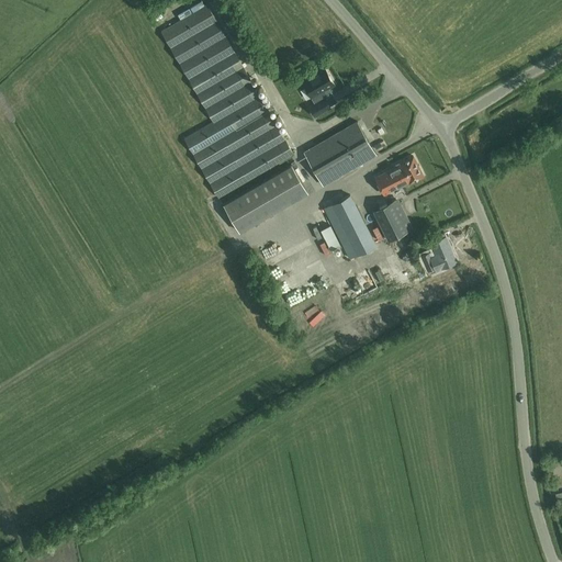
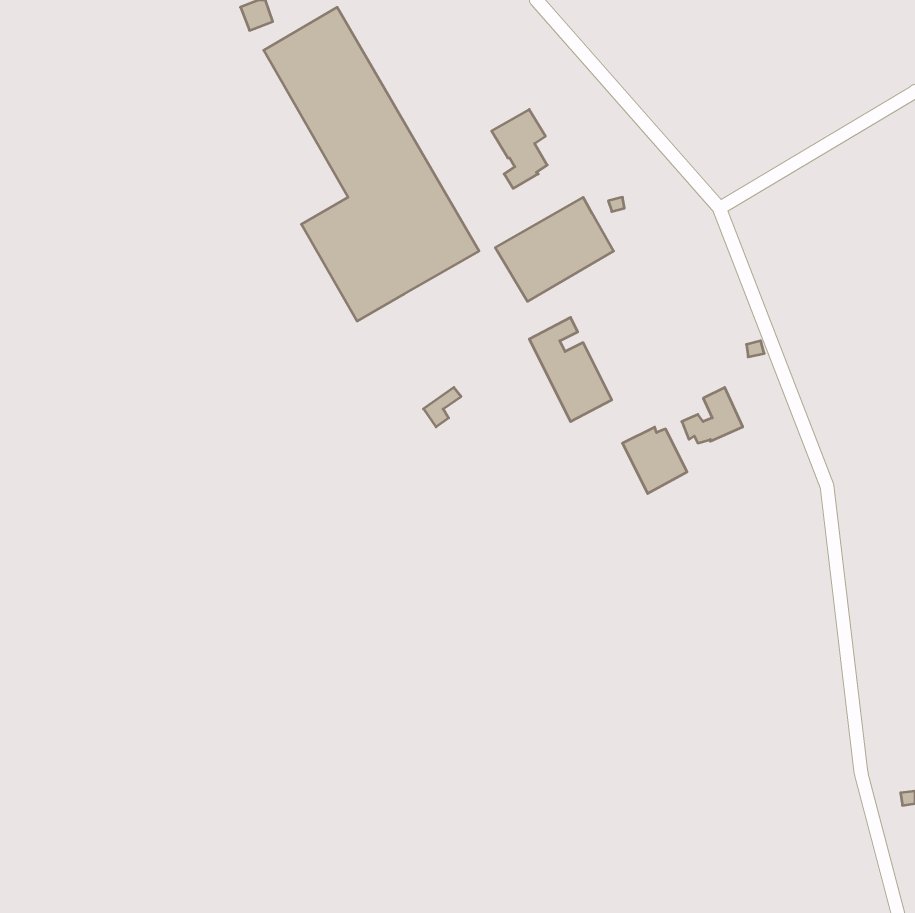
building: [374,158,423,196] -> none
building: [223,166,307,233] -> none
building: [372,202,412,243] -> [622,427,687,494]

